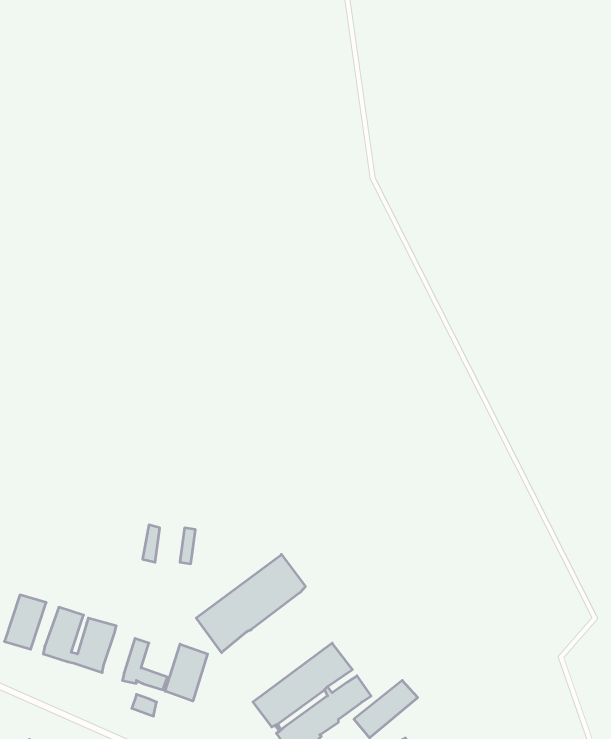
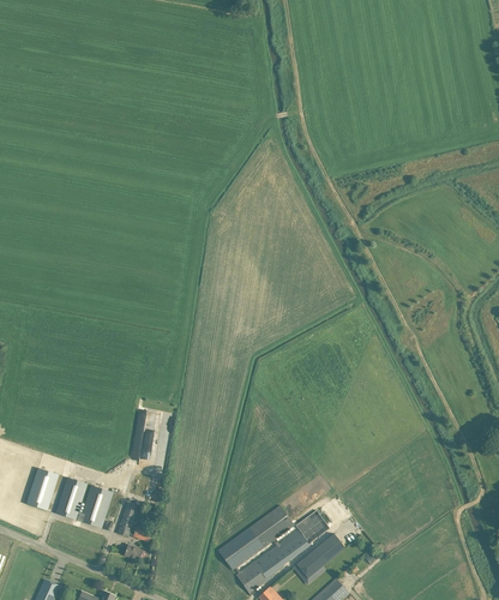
building: [196,554,305,653] -> none
building: [165,644,208,701] -> none
building: none -> [295,510,329,544]

